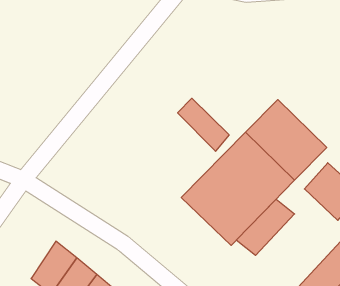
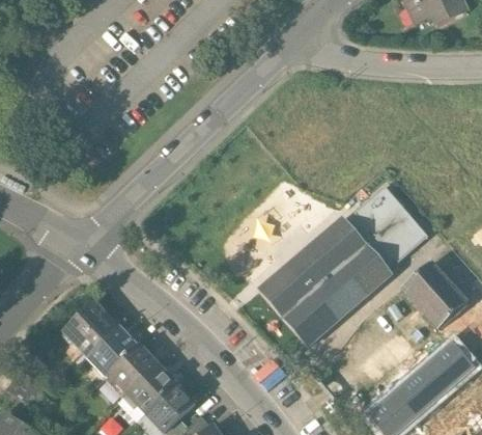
building: [178,98,229,151] -> none
building: [236,199,295,255] -> none
building: none -> [58,295,112,356]

